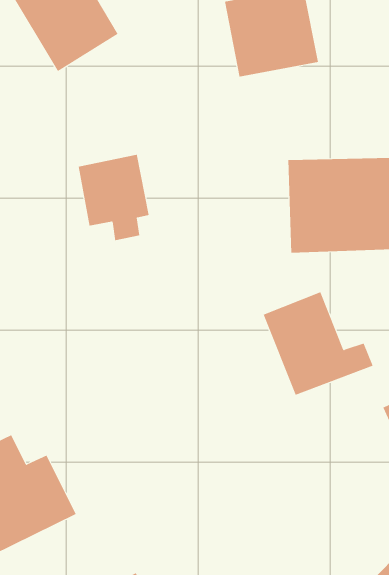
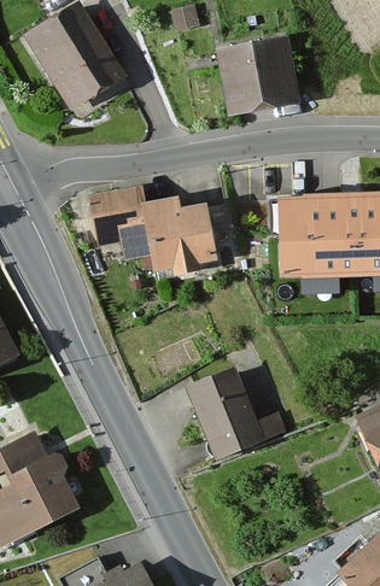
building: none -> [145,198,217,277]
building: [263,291,374,396] -> [187,367,286,459]

